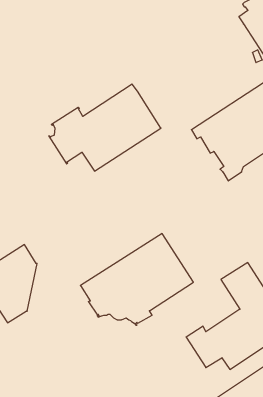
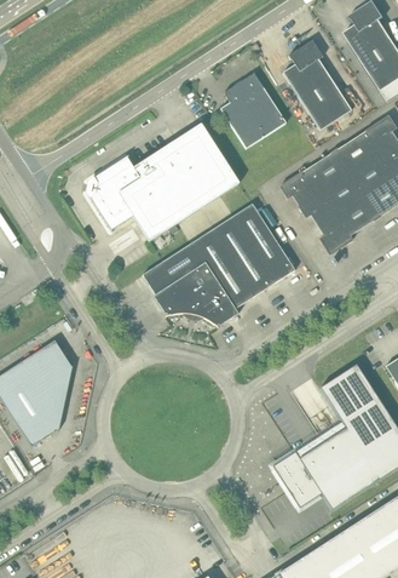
building: none -> [282,40,351,130]
building: none -> [220,73,285,148]
building: [80,234,193,325] -> [142,204,294,327]

